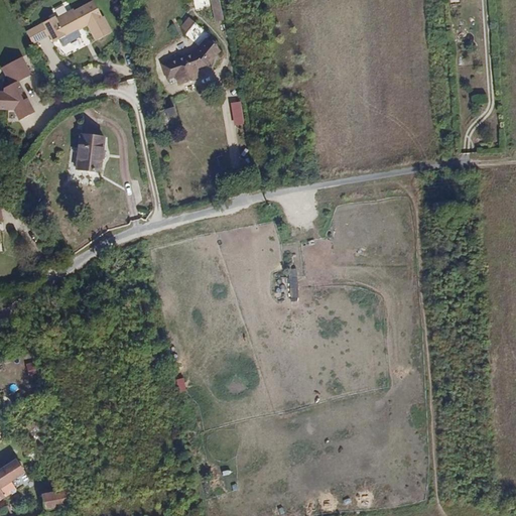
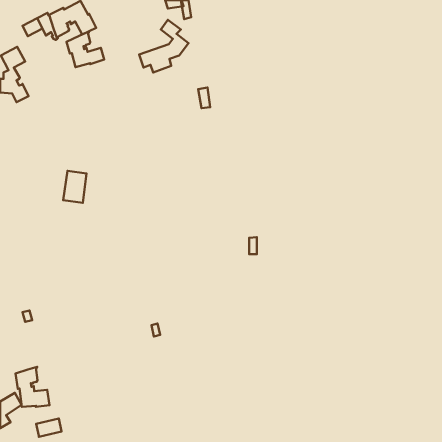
building: none -> [67,32,104,67]
building: [77,135,104,172] -> [63,171,86,203]
building: none -> [15,367,50,407]

